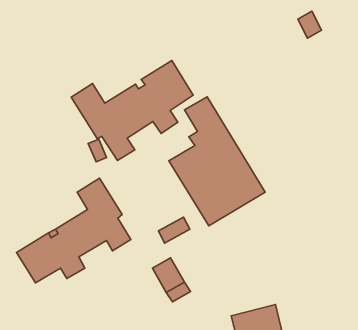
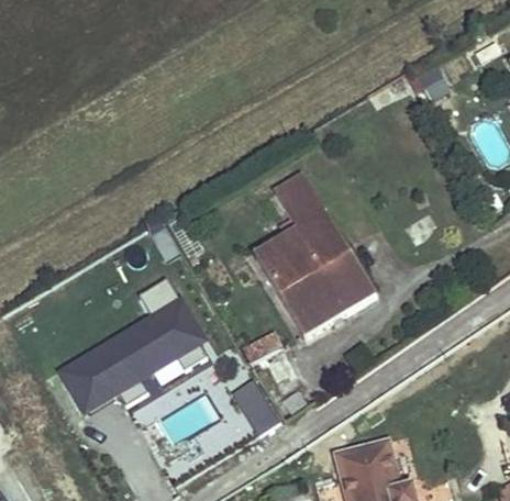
building: [71,61,193,161] -> none

